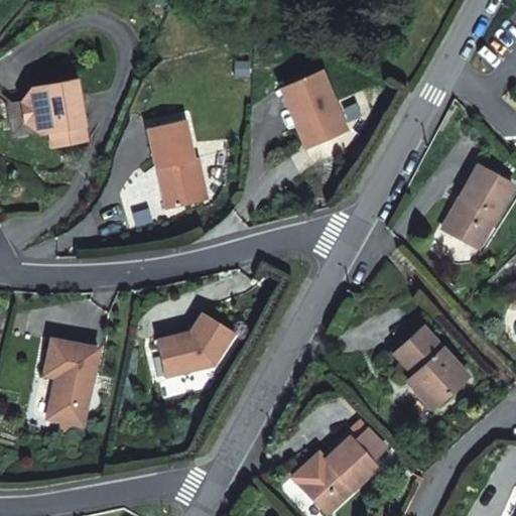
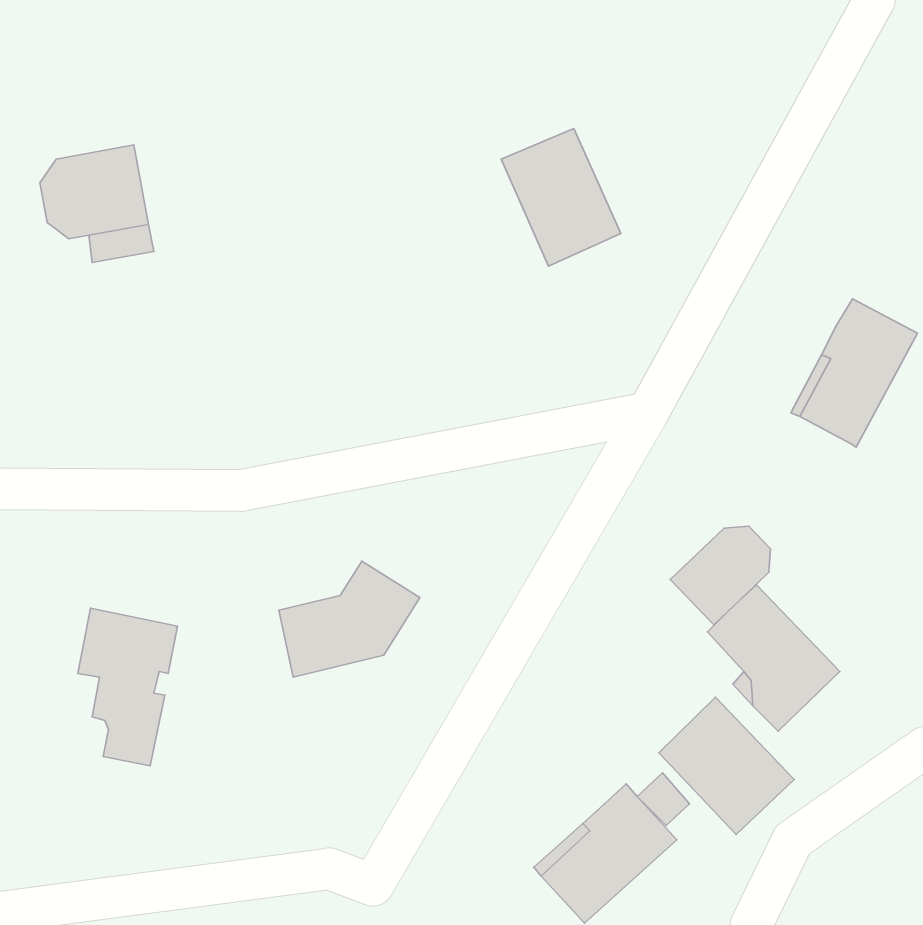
building: [147,119,208,210] -> none
building: none -> [670,526,771,625]
building: none -> [659,697,794,834]

